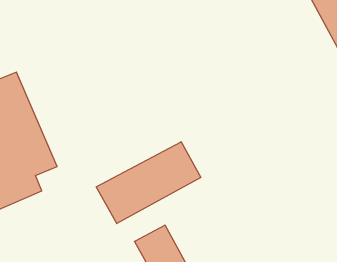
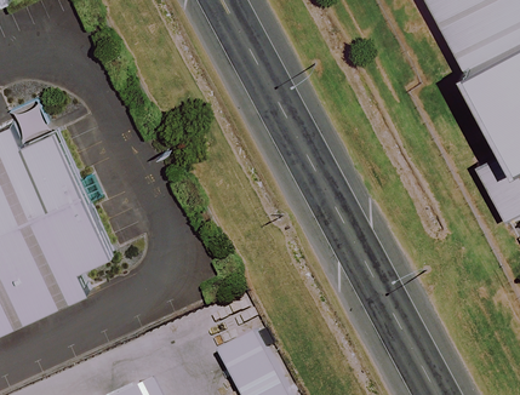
building: [96,142,201,224] -> none

